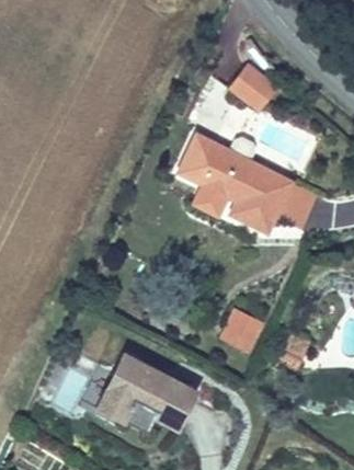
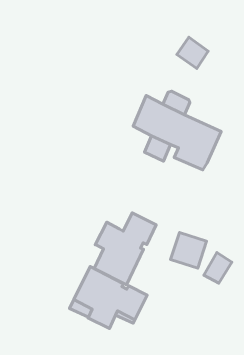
building: [272,183,313,226] -> none
building: none -> [94,213,156,285]

